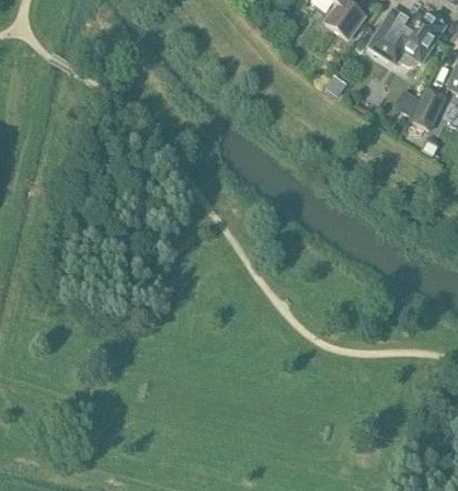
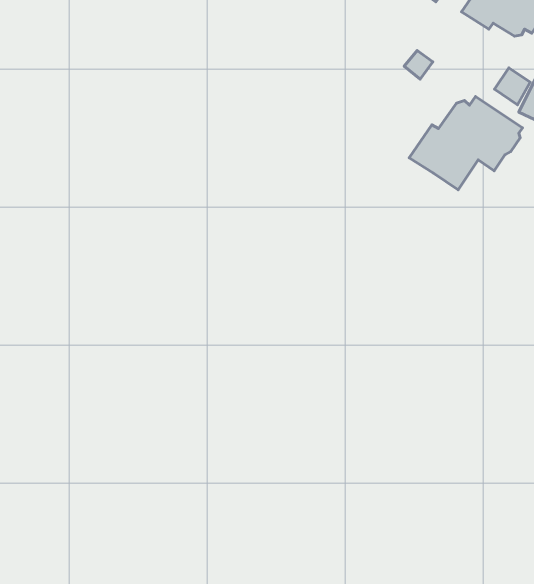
building: none -> [409,97,522,190]

